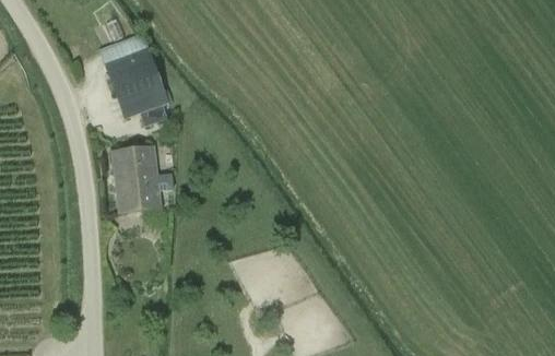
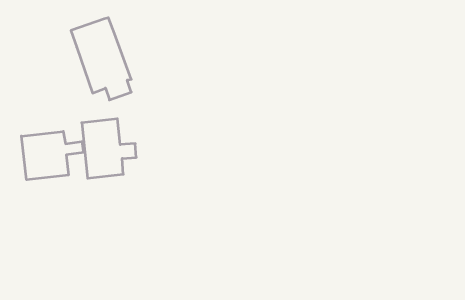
building: none -> [21,131,84,180]

